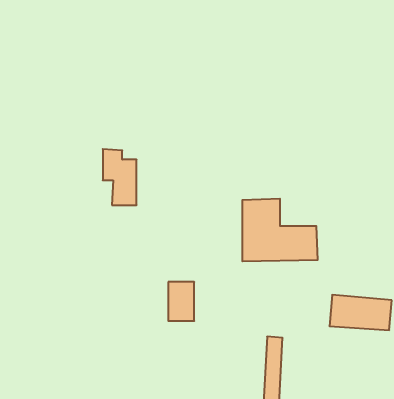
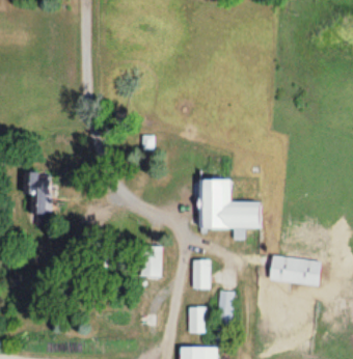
building: [103,149,137,205] -> [23,170,50,215]
building: none -> [193,260,211,288]
building: none -> [189,306,208,332]

